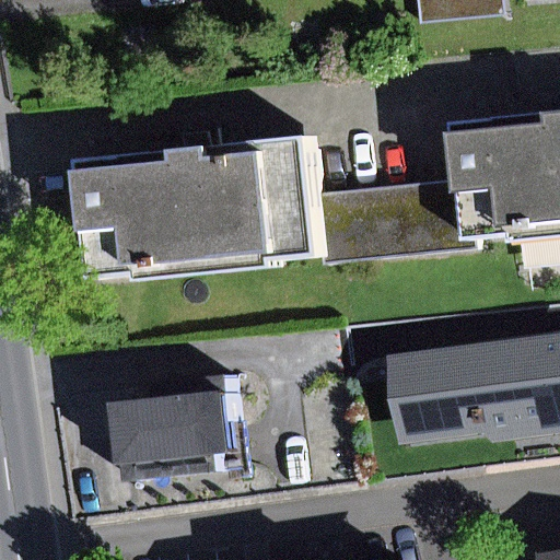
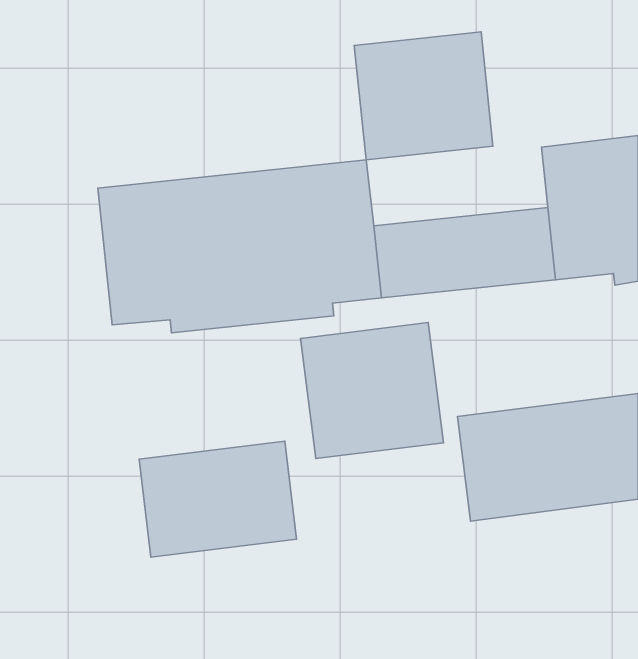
building: none -> [354,32,493,160]
building: none -> [301,323,444,459]

